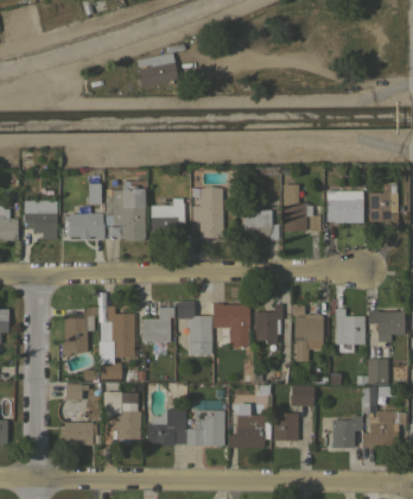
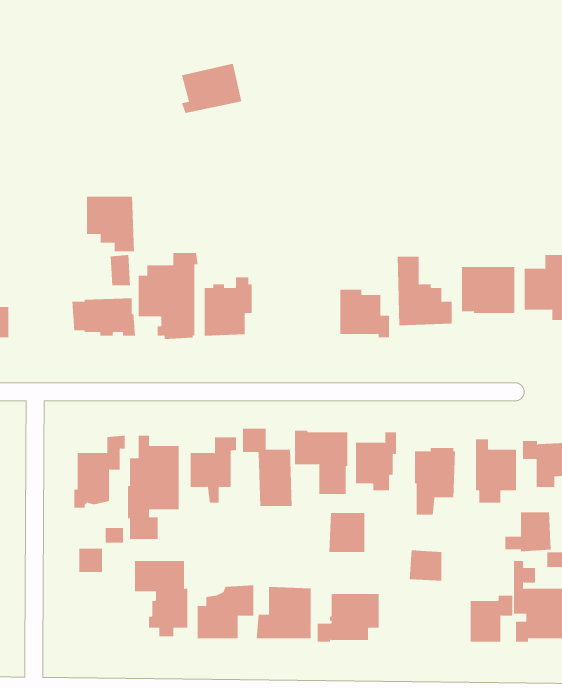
building: [192,188,223,238] -> none
building: [24,201,57,239] -> [86,196,135,252]
building: [273,413,298,441] -> [328,513,365,553]
building: [61,416,97,444] -> none

